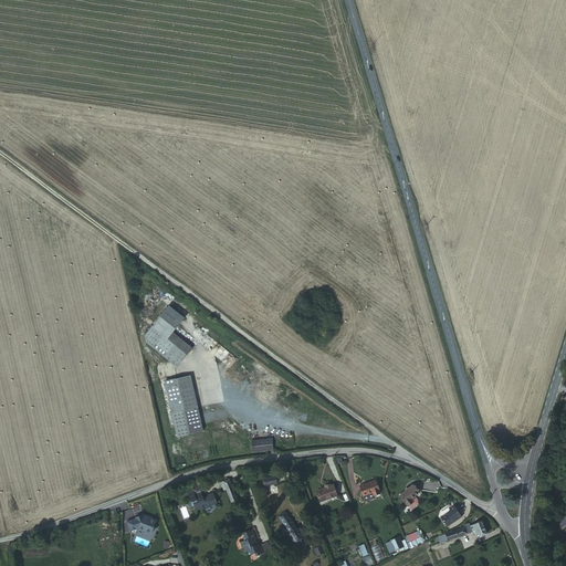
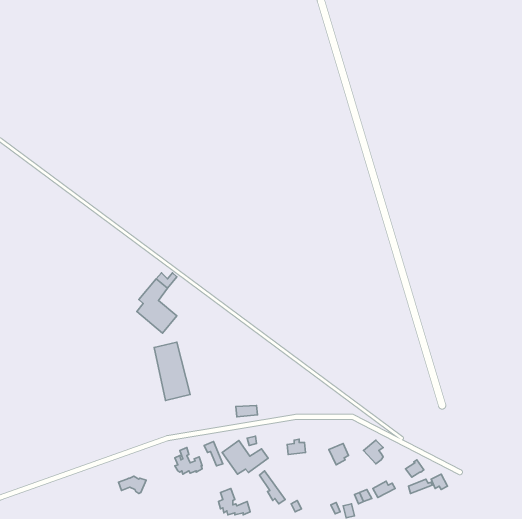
building: none -> [222,441,268,474]

